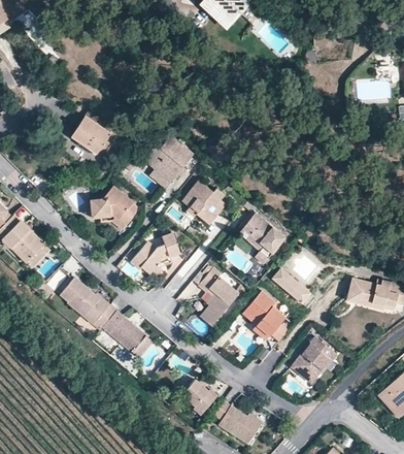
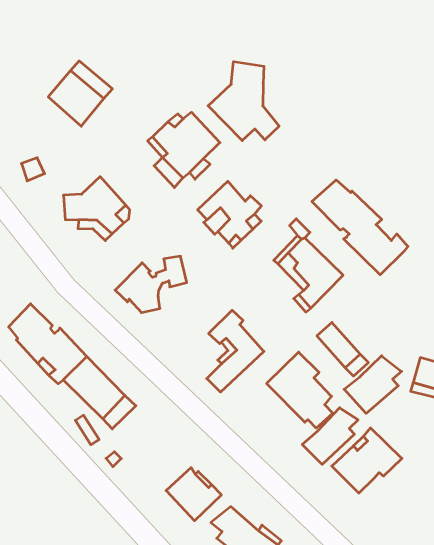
building: none -> [208,62,279,141]
building: none -> [312,180,408,275]
building: none -> [344,356,402,413]
building: none -> [302,408,358,464]

